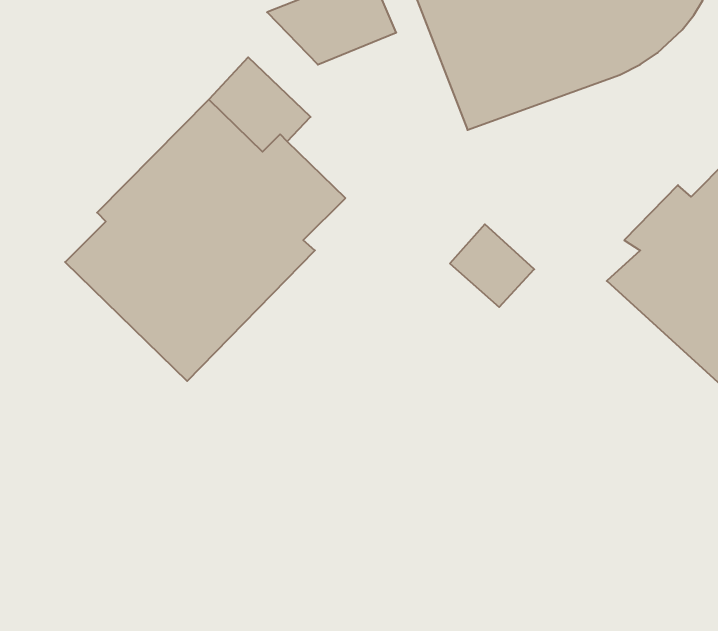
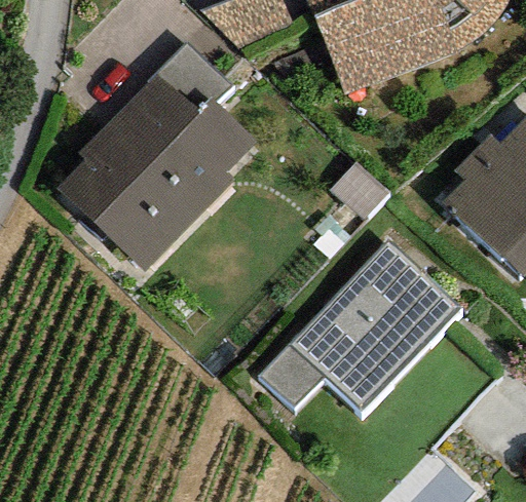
building: none -> [259,240,460,412]

